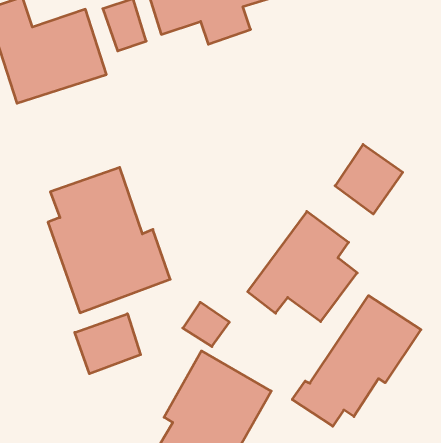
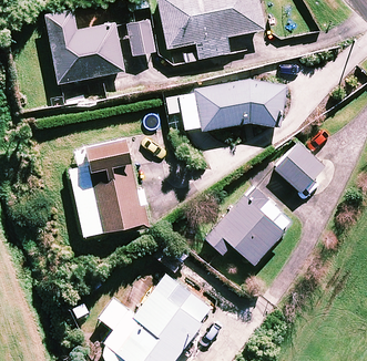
building: none -> [192,80,287,132]
building: [292,296,421,426] -> none
building: [75,314,141,374] -> none

